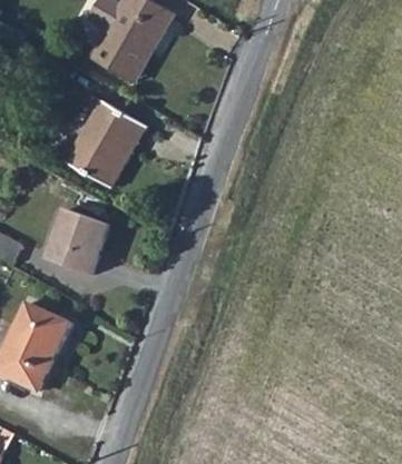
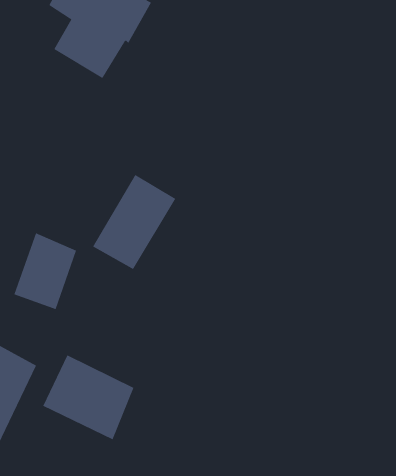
building: [72,102,145,185] -> [92,174,176,270]
building: none -> [43,355,134,440]

